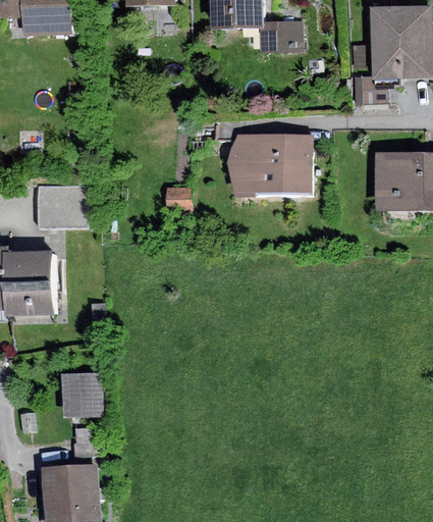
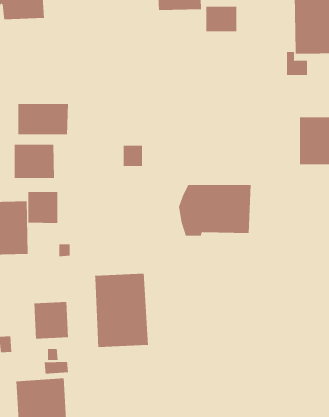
building: [226,135,313,196] -> [178,185,251,236]
building: none -> [18,103,69,135]
building: none -> [28,191,58,224]
building: none -> [95,273,148,348]

